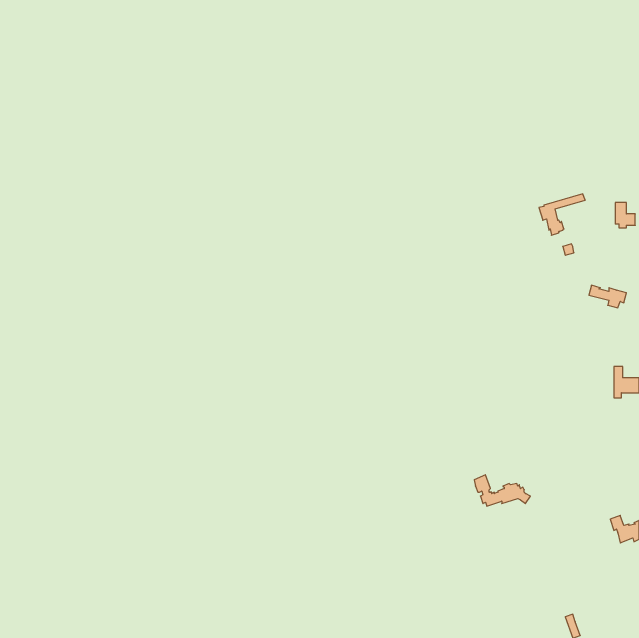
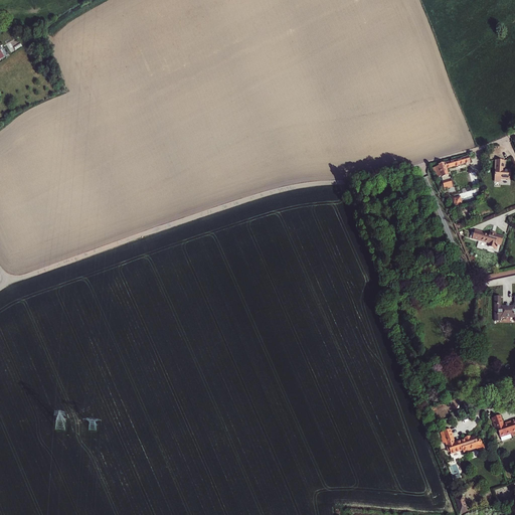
building: [474,475,530,506] -> [441,427,486,453]

